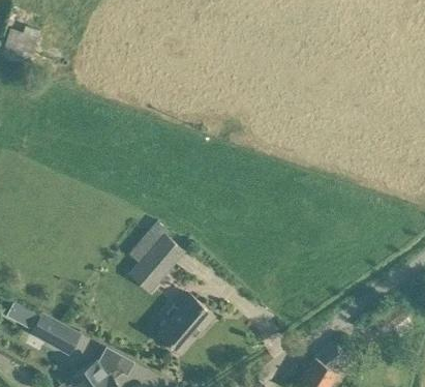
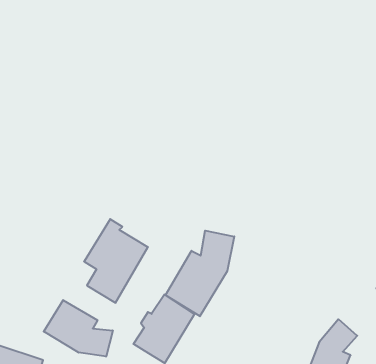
building: none -> [166,231,234,316]
building: none -> [44,300,113,357]

